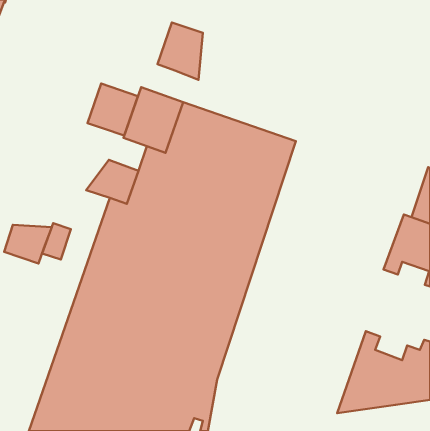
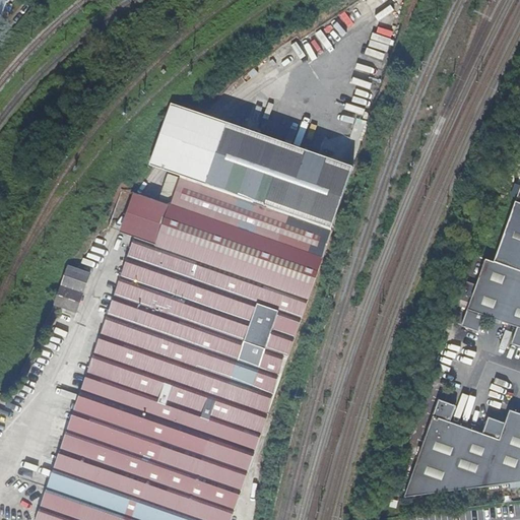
building: [157,23,203,80] -> none
building: [87,84,138,136] -> none
building: [4,225,52,263] -> none

